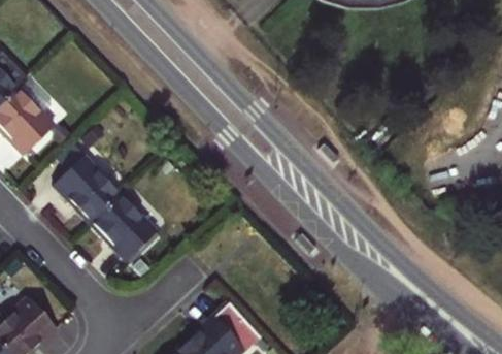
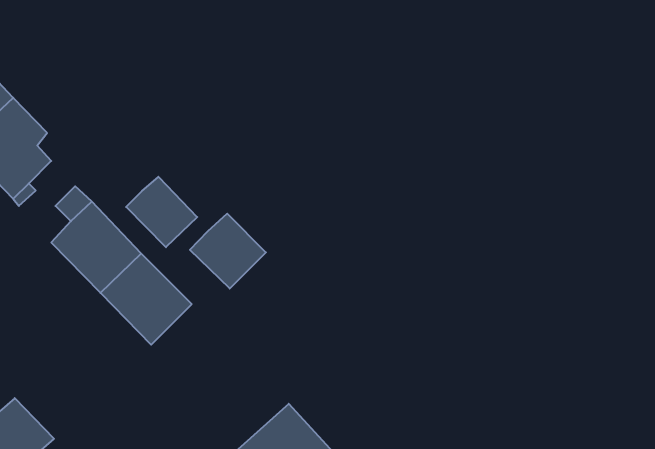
building: none -> [126,177,197,247]
building: none -> [190,214,266,289]

